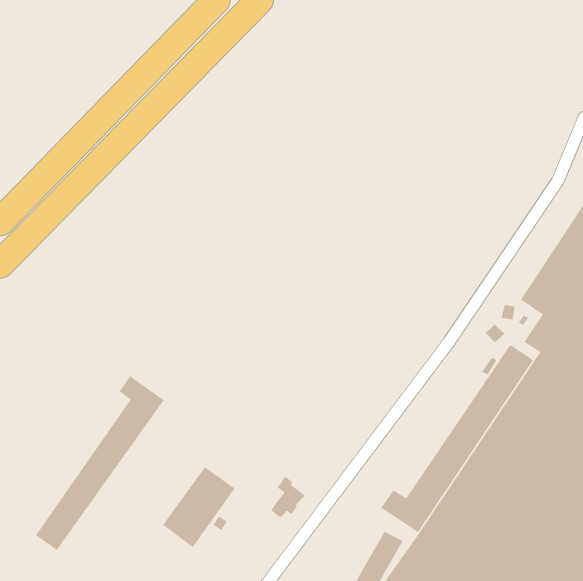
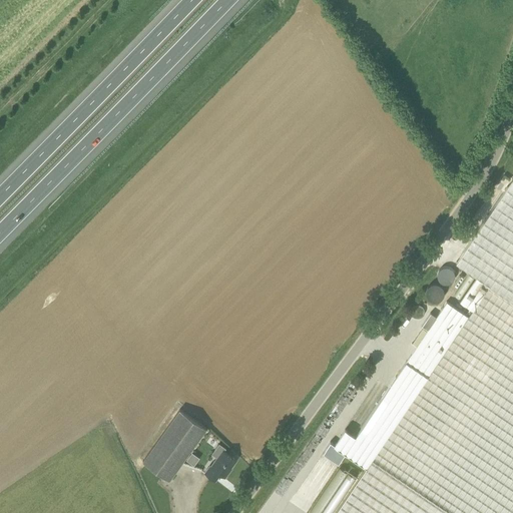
building: [35,375,164,551] -> none
building: [270,476,305,518] -> [206,446,237,483]

